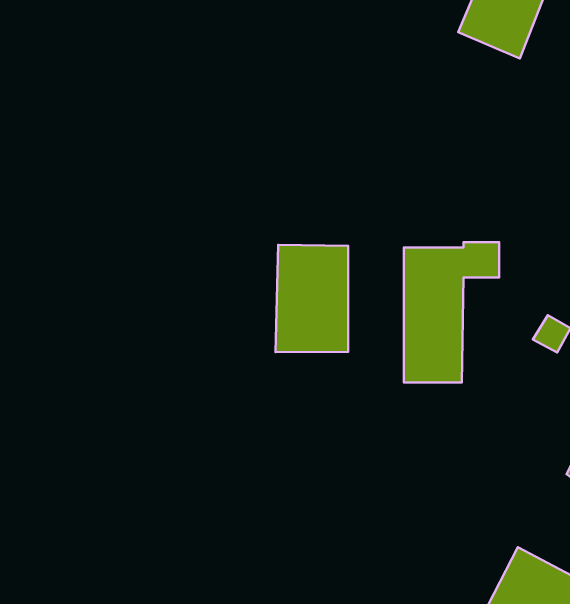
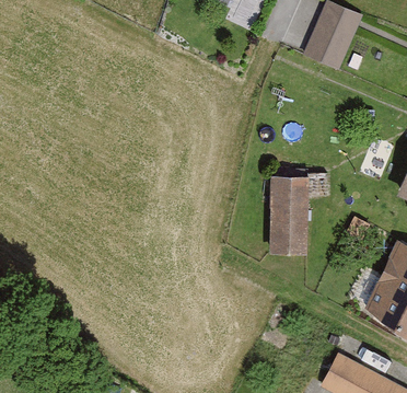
building: [276,245,348,352] -> none

